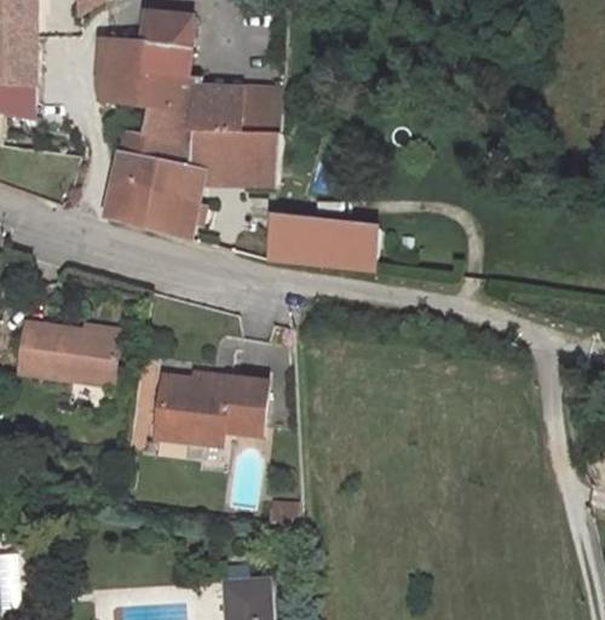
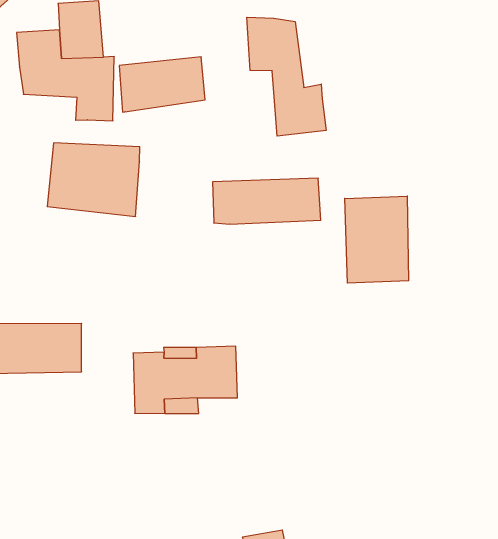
building: none -> [247,17,326,136]
building: [117,130,276,183] -> none
building: none -> [345,196,409,283]

